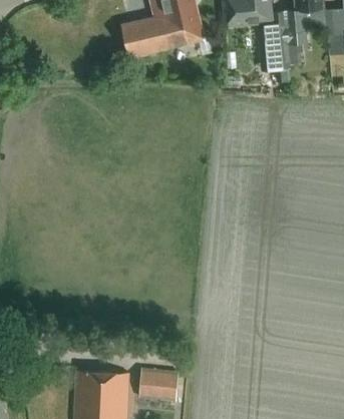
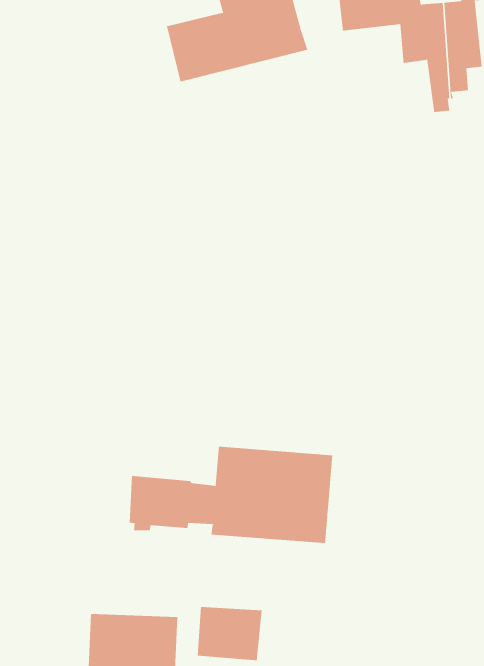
building: none -> [129,446,333,544]

